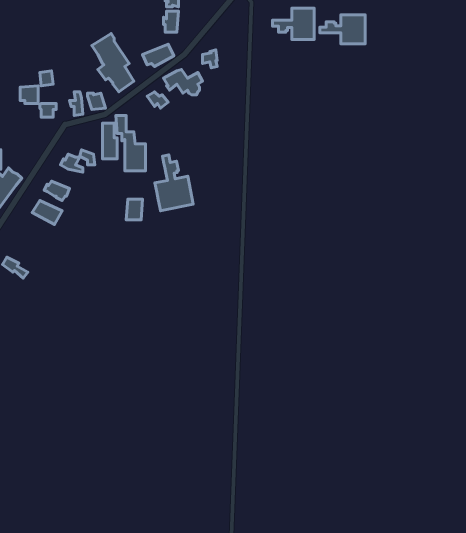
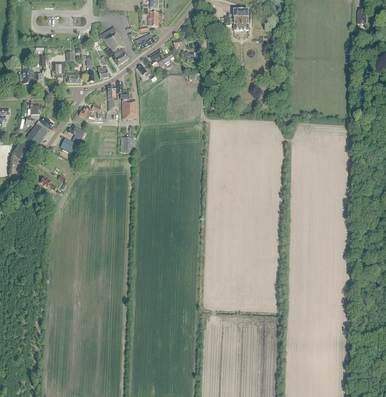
building: [320,15,365,44] -> none
building: [155,155,193,211] -> none

